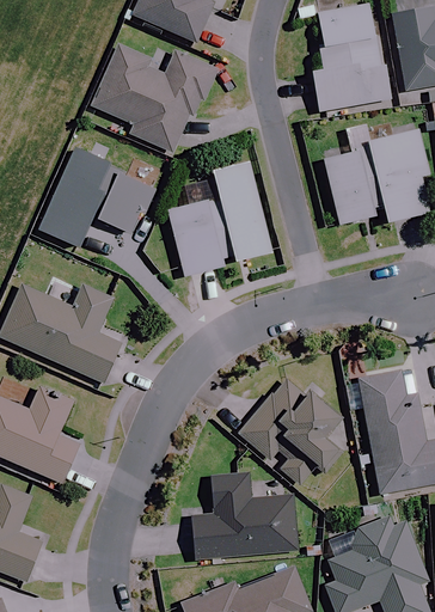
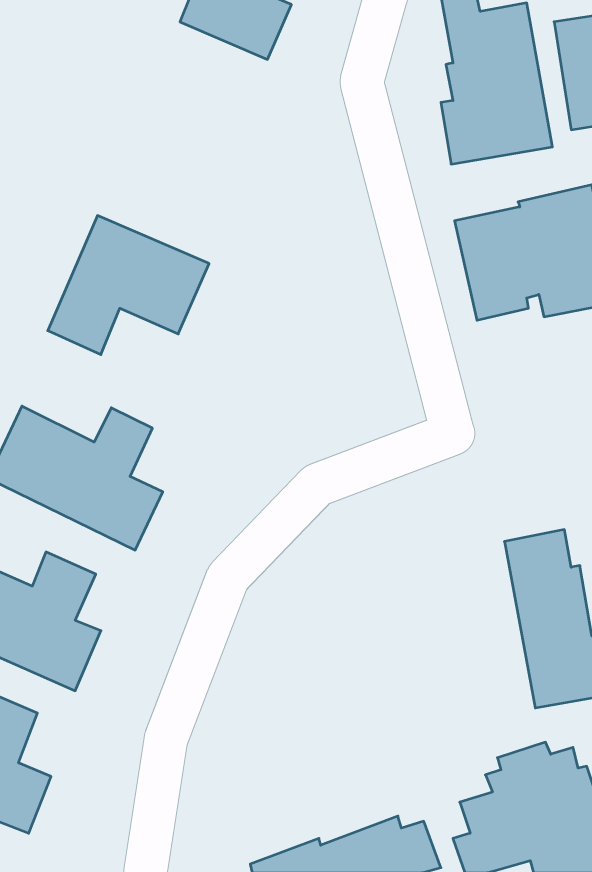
building: [91,43,218,152] -> none
building: [167,163,274,276] -> none
building: [240,382,348,485] -> none
building: [191,473,295,558] -> none

